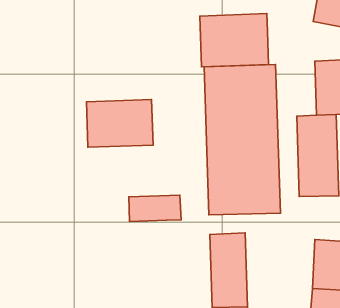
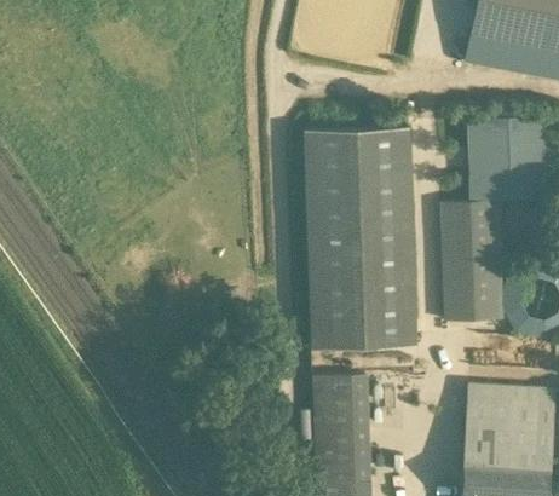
building: [200,13,268,67] -> none
building: [87,100,153,147] -> none
building: [129,195,181,221] -> none

